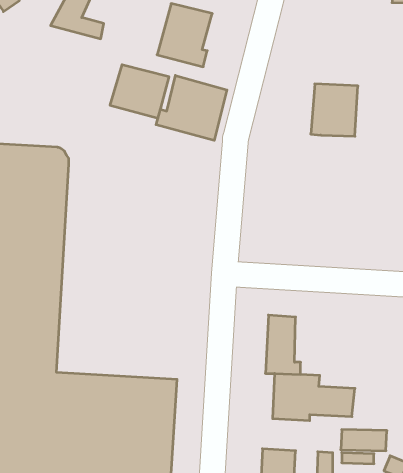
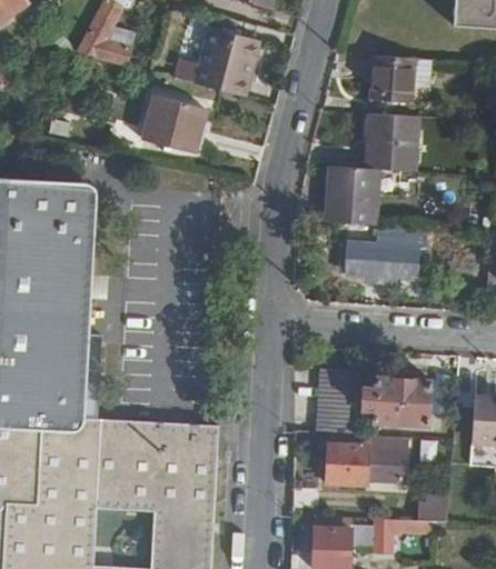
building: none -> [369,54,415,104]
building: [156,75,227,140] -> none
building: none -> [326,168,376,224]
building: none -> [345,226,424,279]
building: none -> [359,378,430,428]

